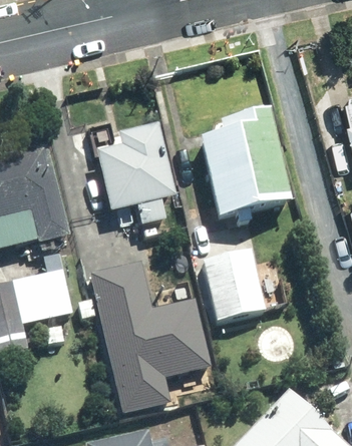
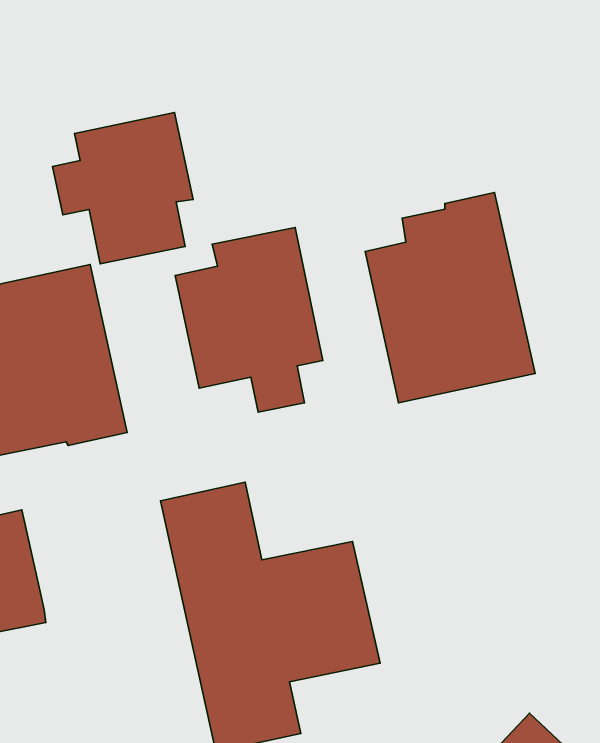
building: none -> [52,113,193,264]
building: [203,221,267,323] -> none
building: [13,254,75,325] -> none

